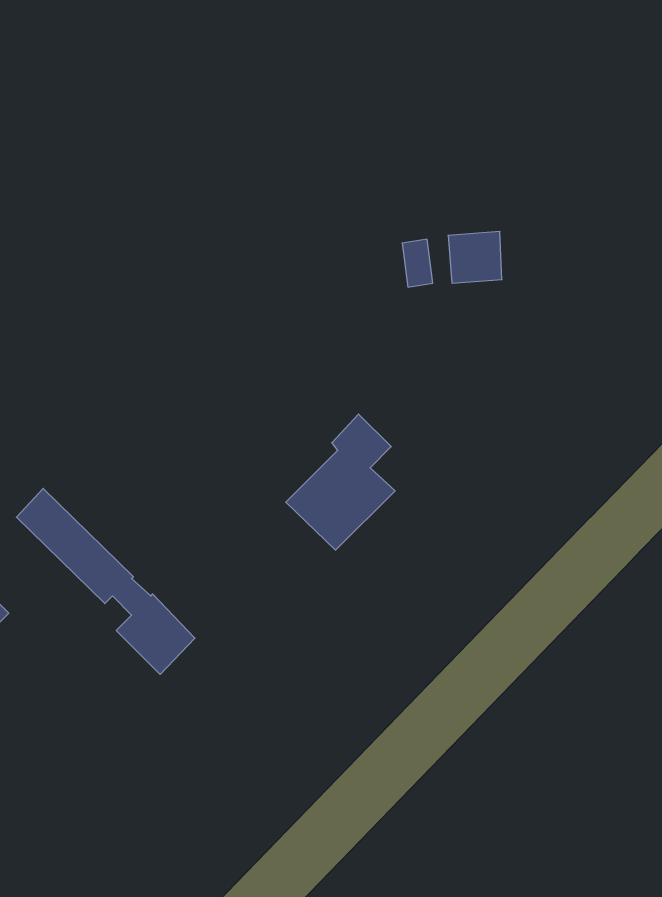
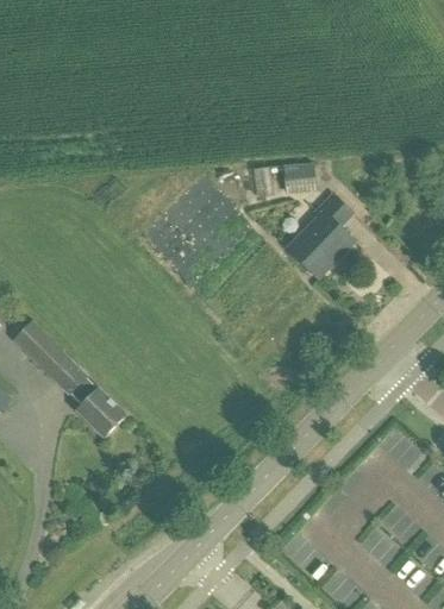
building: [286,414,395,550] -> [287,193,355,277]

